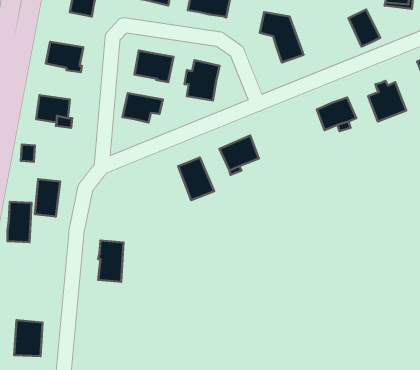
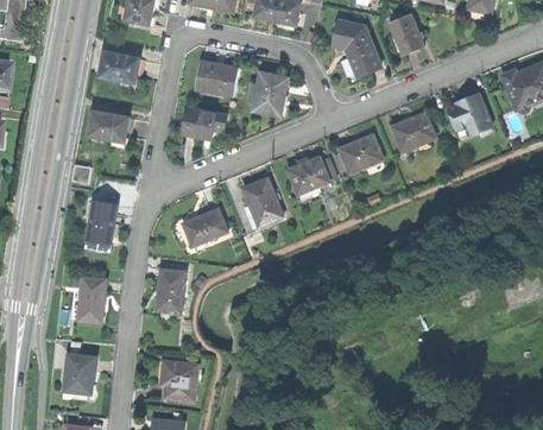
building: [349,9,380,47] -> [392,13,427,53]
building: none -> [340,133,384,170]
building: none -> [184,204,228,245]
building: [8,202,32,242] -> [76,278,102,322]
building: none -> [166,361,200,399]

